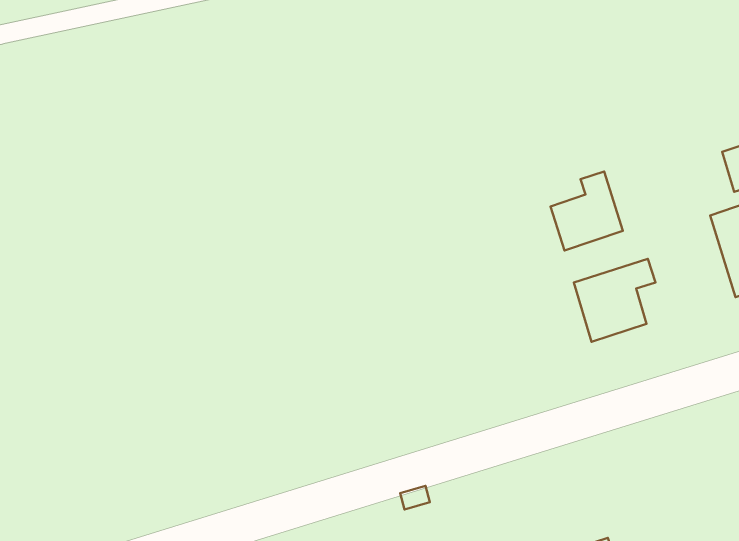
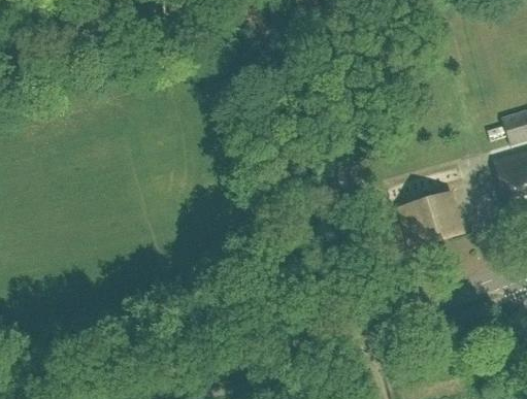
building: [551,172,623,250] -> none

